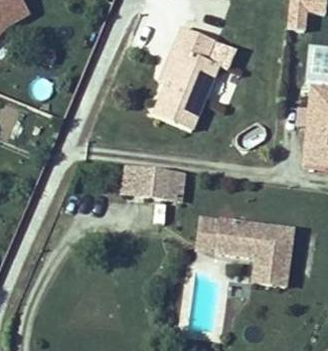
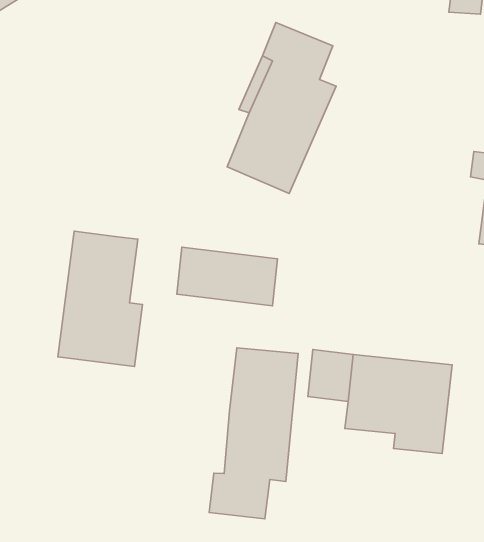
building: none -> [58,231,143,366]
building: none -> [209,348,298,519]

